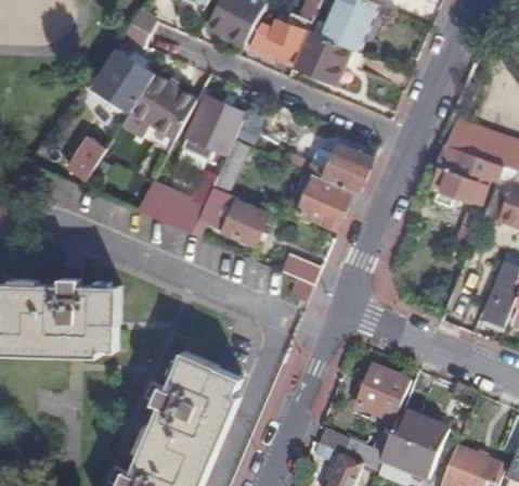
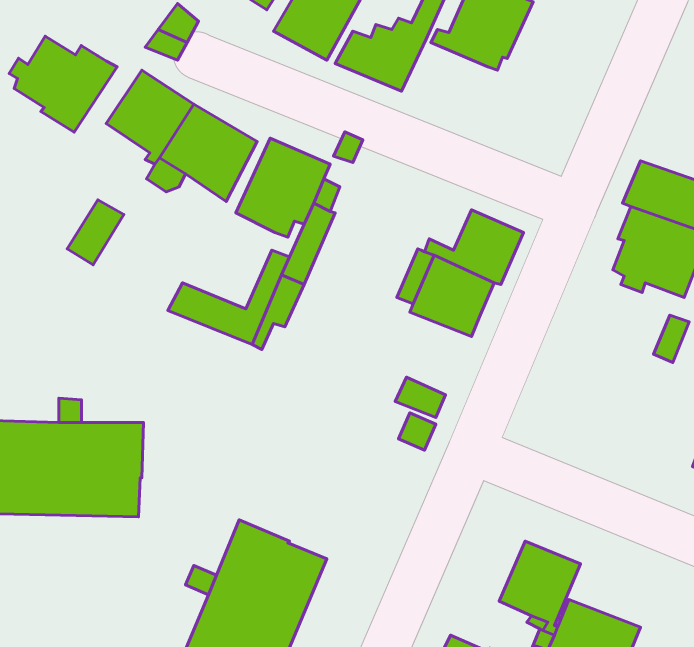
building: none -> [9,36,117,132]
building: [290,30,348,82] -> none
building: [221,203,267,245] -> none

